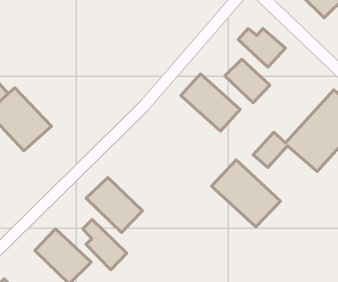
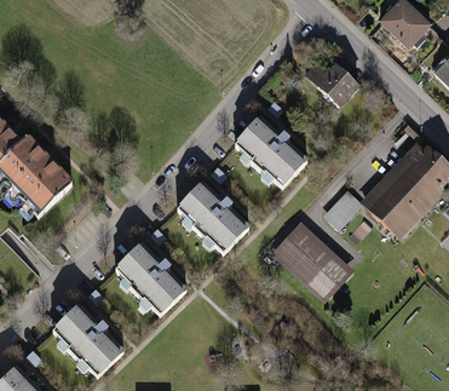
building: [225,59,270,103] -> none
building: none -> [177,184,246,252]
building: [83,220,127,270] -> none

